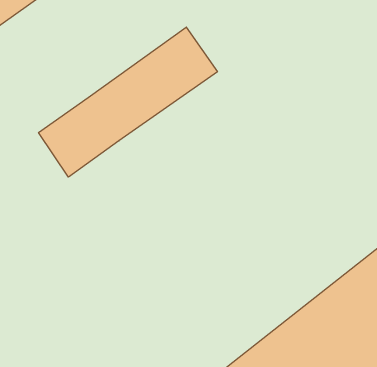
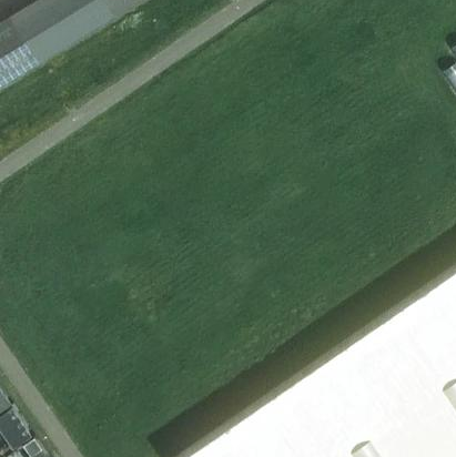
building: [39,27,217,177] -> none

